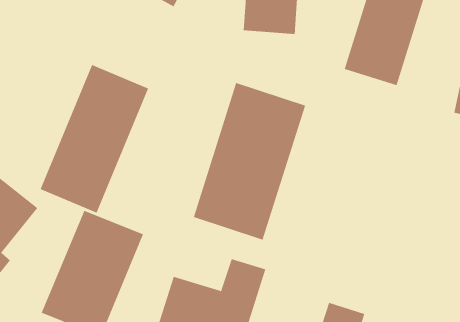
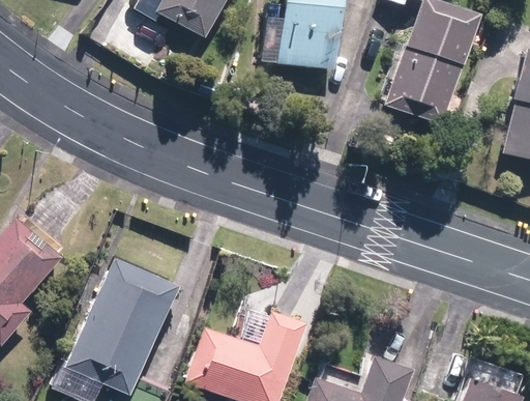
building: [40,64,149,213] -> none
building: [193,82,306,240] -> none

